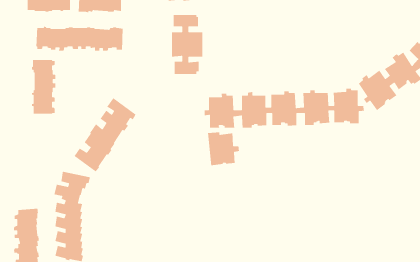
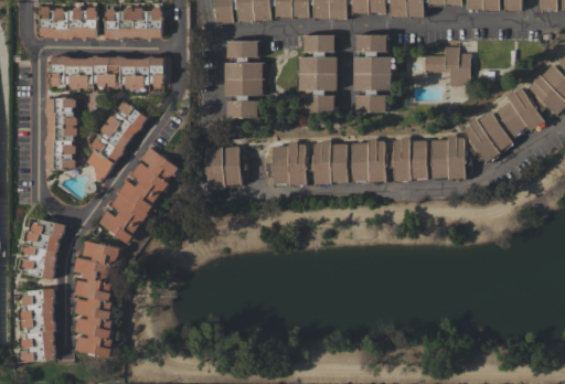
building: none -> [297,35,337,113]
building: none -> [353,35,394,113]
building: none -> [424,46,471,86]
building: none -> [87,102,148,180]
building: [207,132,240,166] -> [204,145,246,189]
building: none -> [23,220,66,279]

